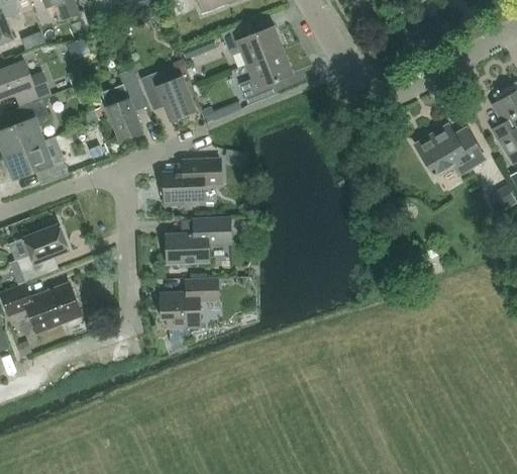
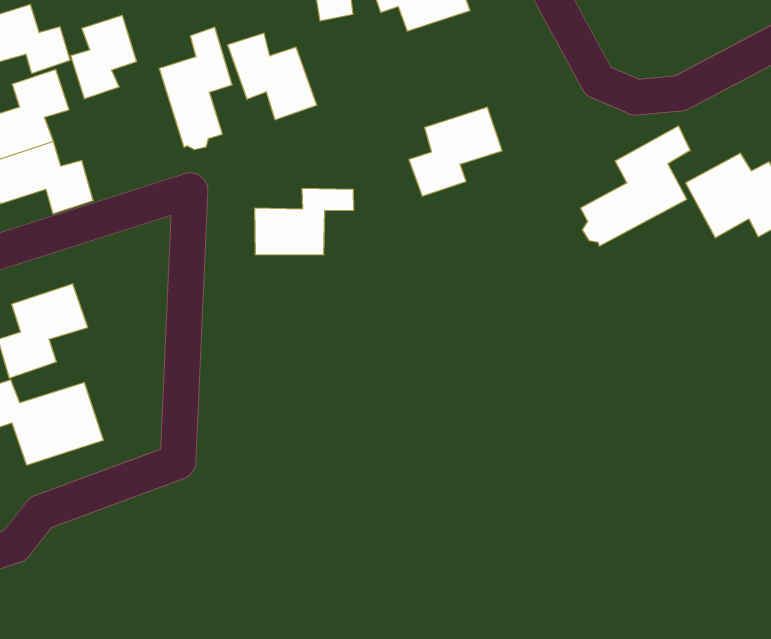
building: [238,51,293,105] -> [409,107,502,196]
building: none -> [71,15,136,99]
building: none -> [581,126,690,246]
building: [166,218,230,264] -> none
building: [160,279,219,328] -> none

